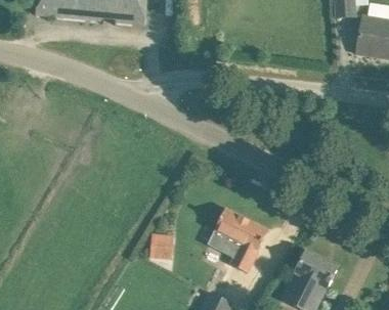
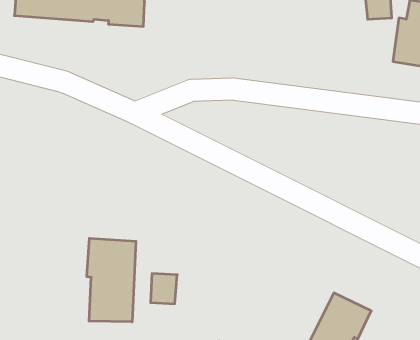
building: none -> [87,238,136,322]
building: [206,210,266,273] -> none

